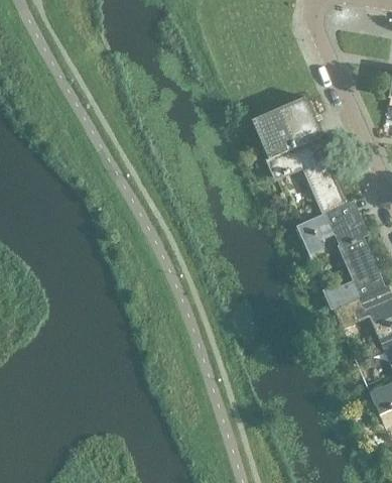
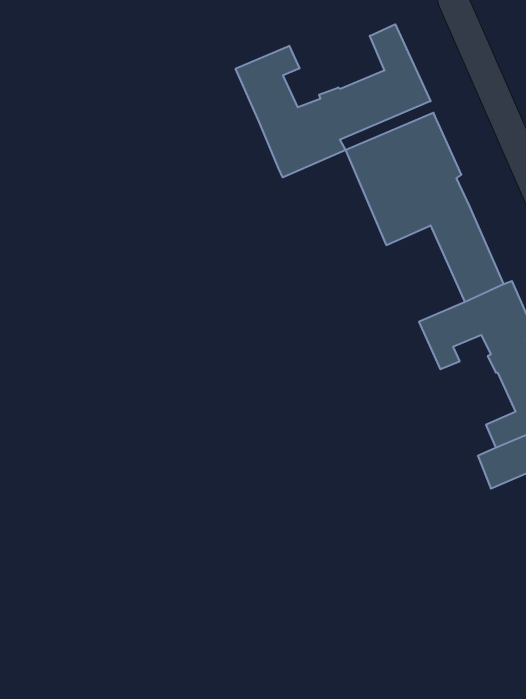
building: none -> [236,24,431,177]

